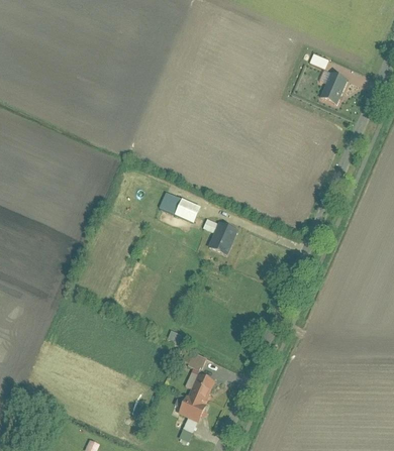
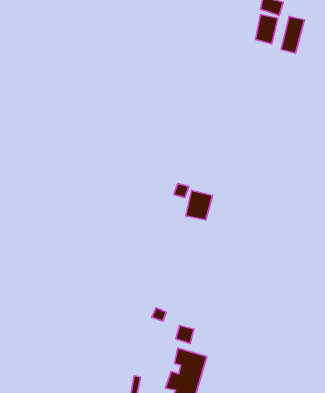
building: none -> [255,15,278,44]
building: [158,190,199,220] -> none

